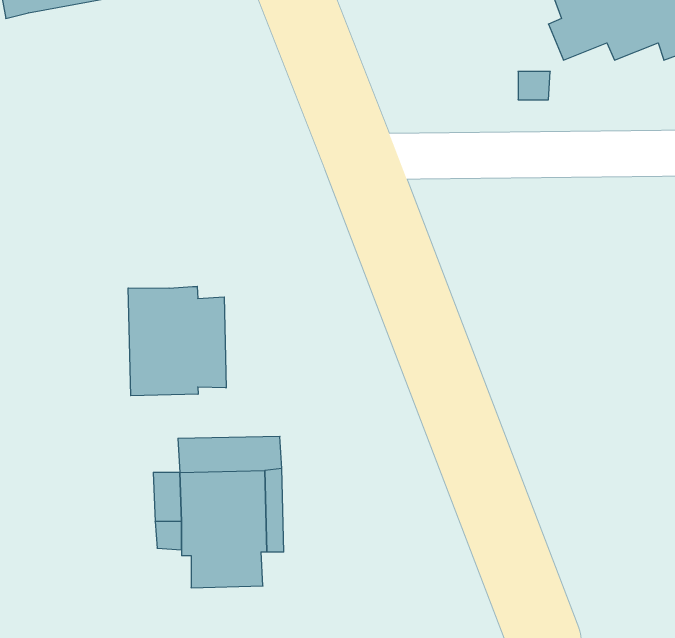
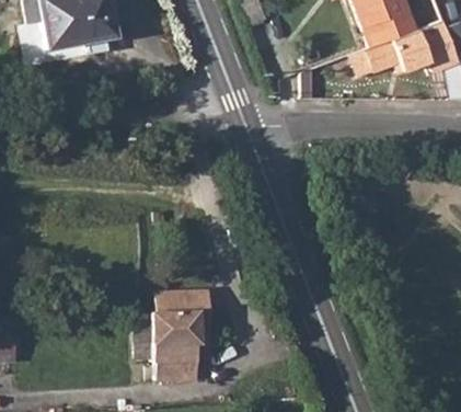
building: [128,286,226,396] -> none

